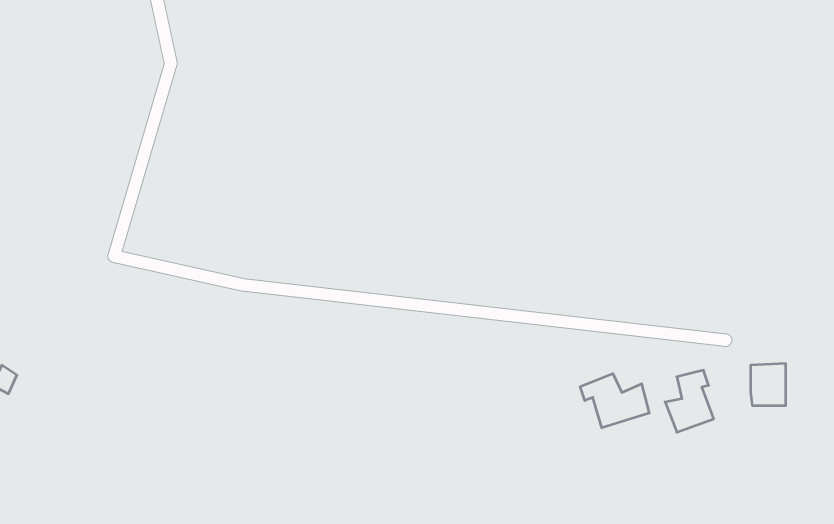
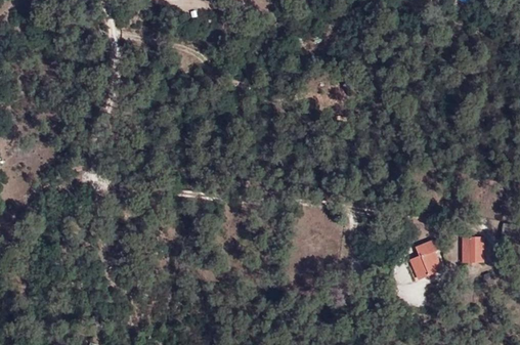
building: [580,374,649,428] -> none

